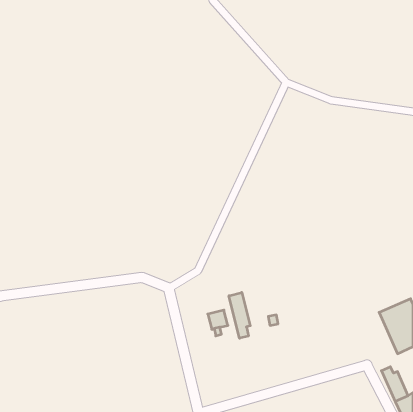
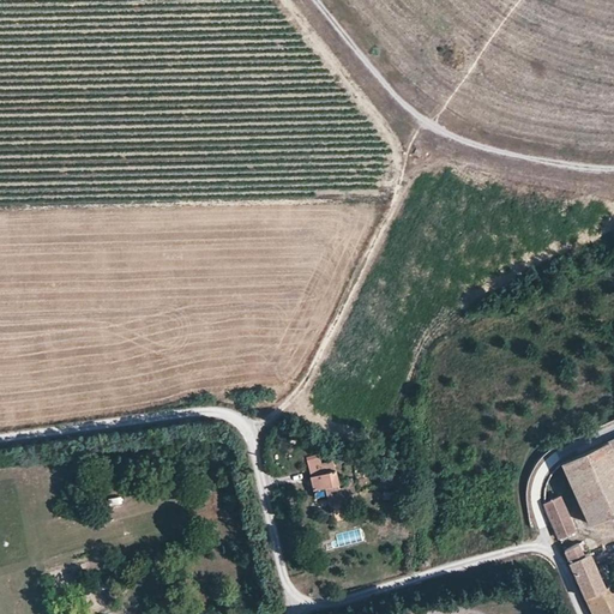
building: [229,292,250,338] -> none
building: none -> [544,499,574,538]

